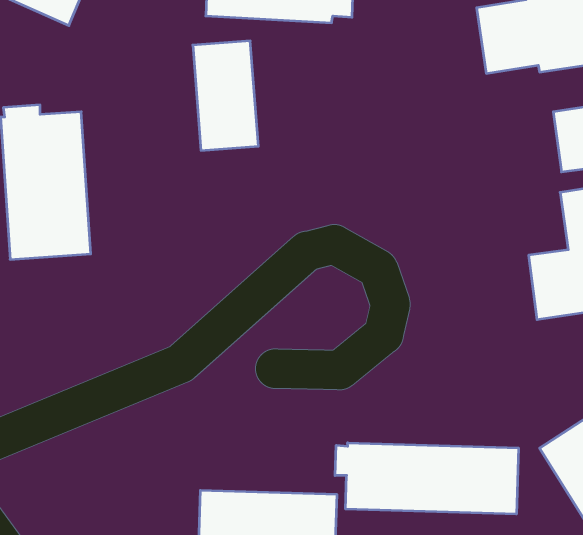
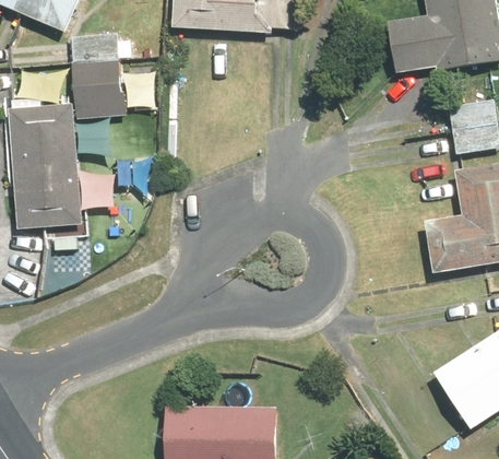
building: [193,41,258,150] -> [71,31,123,118]
building: [335,443,518,514] -> none

